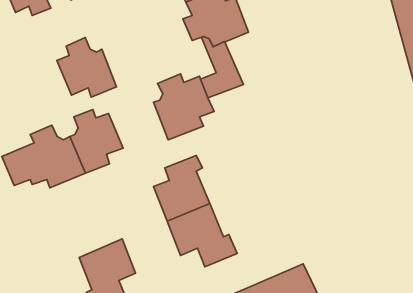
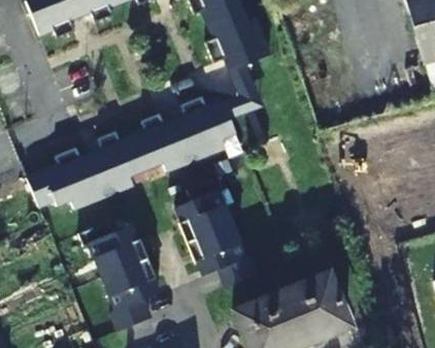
building: [57,38,116,97] -> [131,113,190,171]
building: none -> [77,220,144,278]

